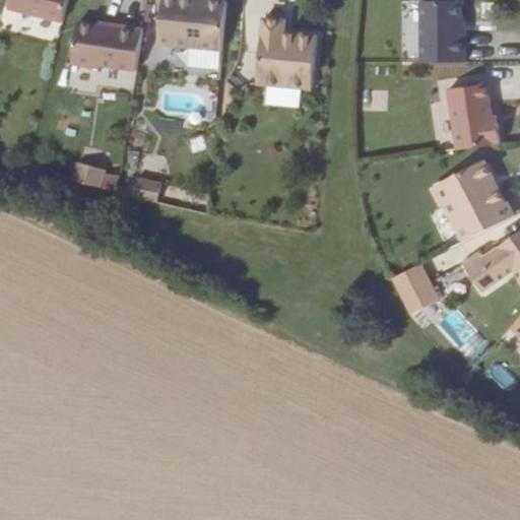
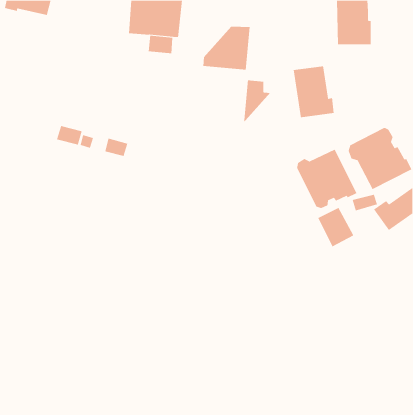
building: [253,18,287,73] -> [243,80,271,124]
building: [69,22,140,70] -> none
building: [447,80,499,145] -> [293,66,334,118]
building: none -> [297,149,357,209]

